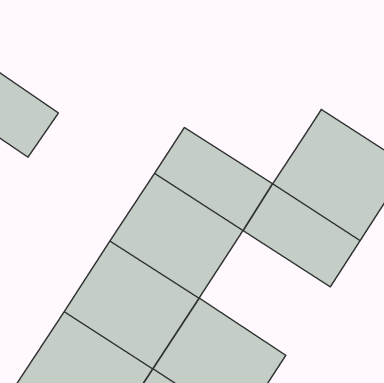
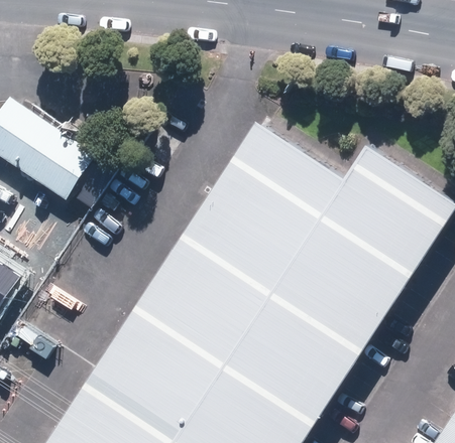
building: none -> [225,118,350,226]
building: none -> [241,275,380,407]

